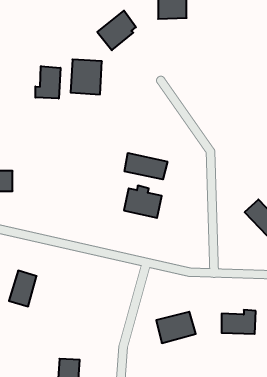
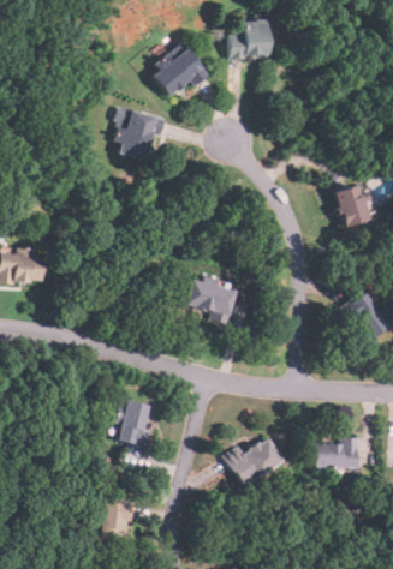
building: [35,66,60,99] -> none
building: none -> [335,184,369,226]
building: [125,153,167,179] -> none
building: [9,271,37,306] -> [117,399,153,445]

